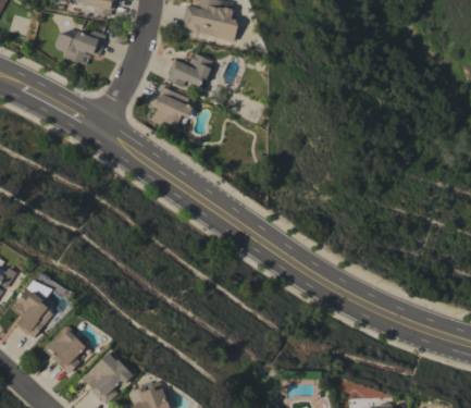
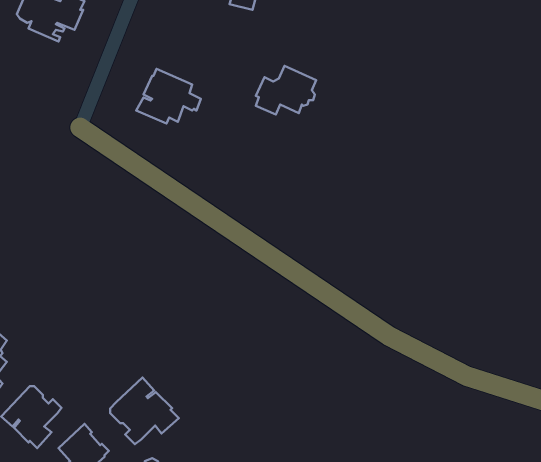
building: [168,50,213,87] -> [256,66,316,115]
building: none -> [110,377,179,444]

